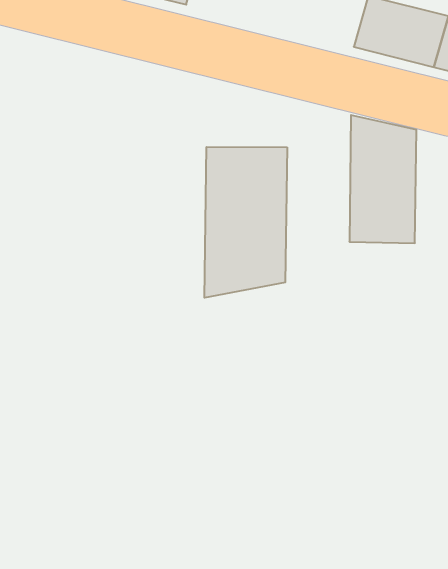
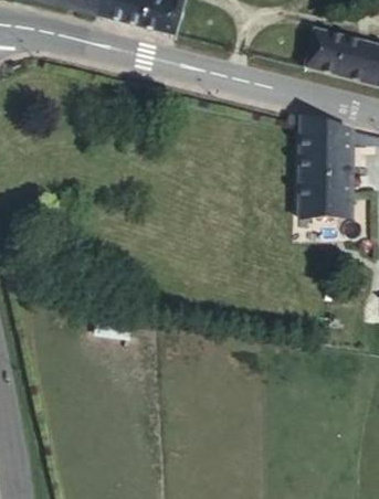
building: [204,147,287,298] -> none

